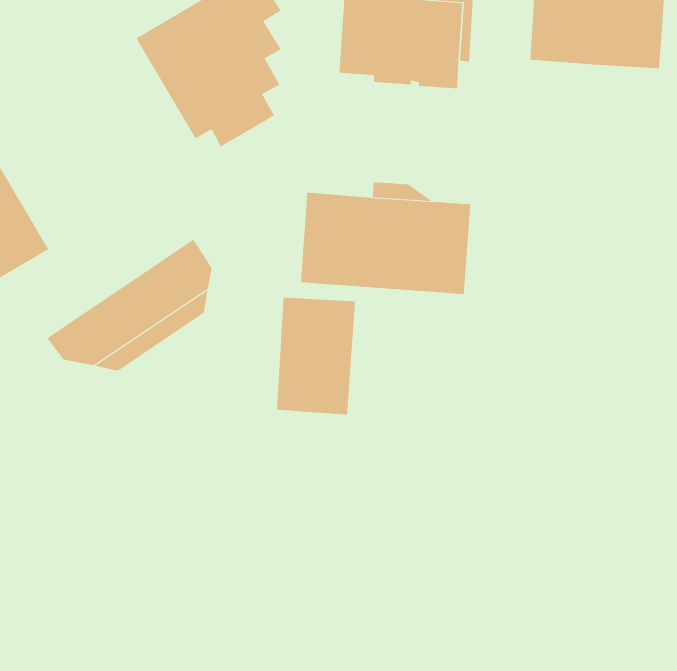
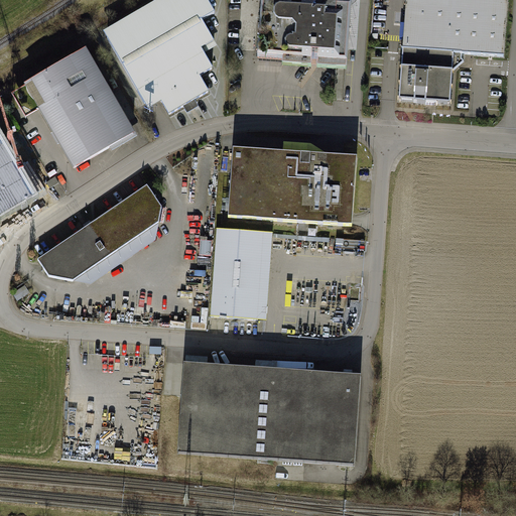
building: none -> [22,45,135,167]
building: none -> [398,45,450,98]
building: none -> [176,362,361,464]

